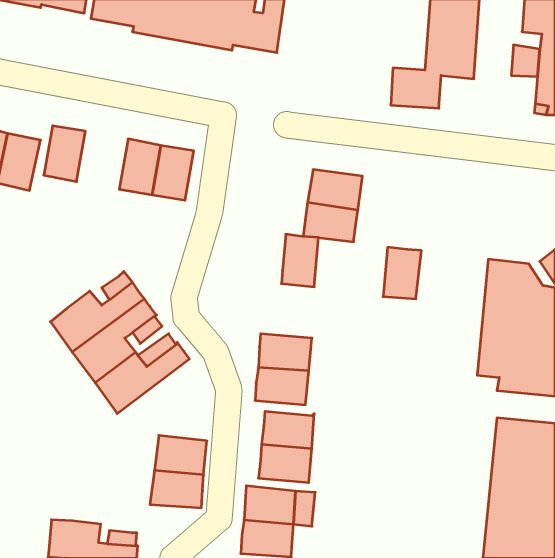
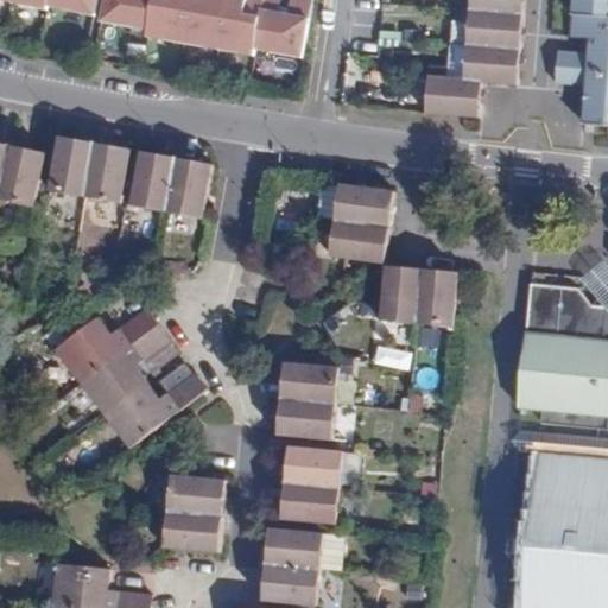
building: none -> [83,142,129,203]
building: [281,234,319,287] -> [380,265,420,322]

